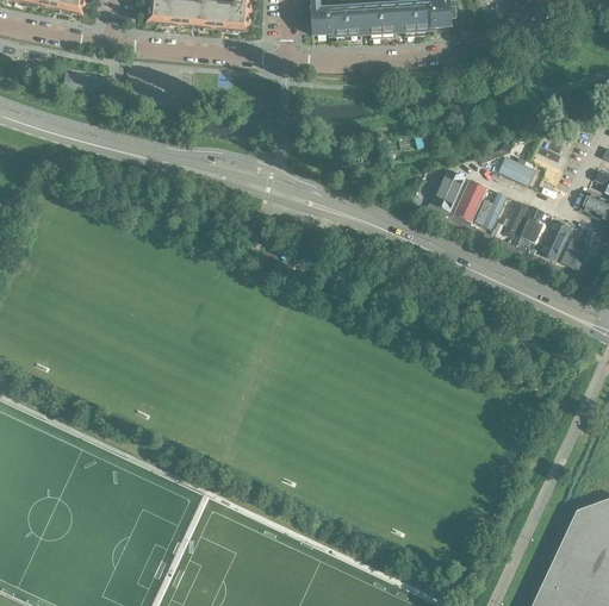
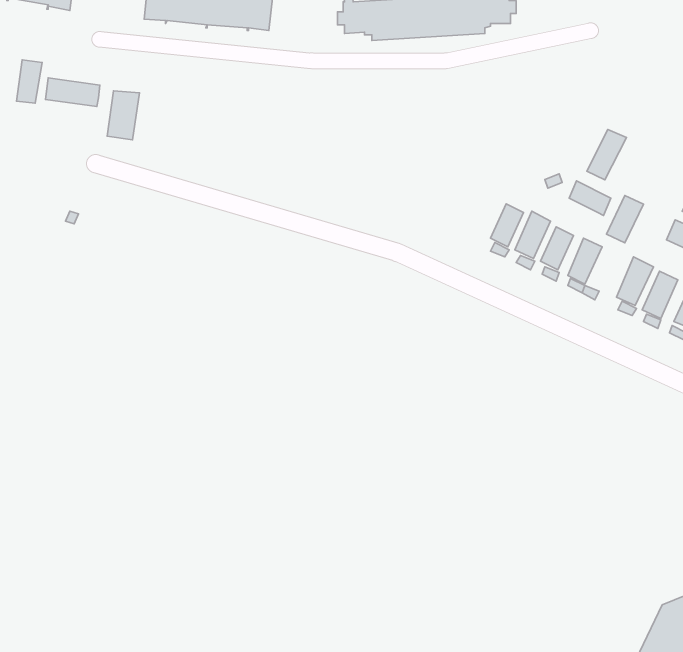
building: none -> [16,60,42,103]
building: none -> [107,91,140,140]
building: none -> [587,130,627,180]
building: [517,206,548,245] -> [606,195,644,243]

